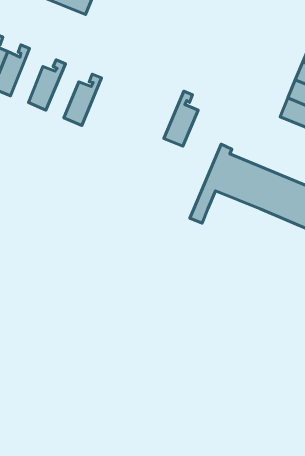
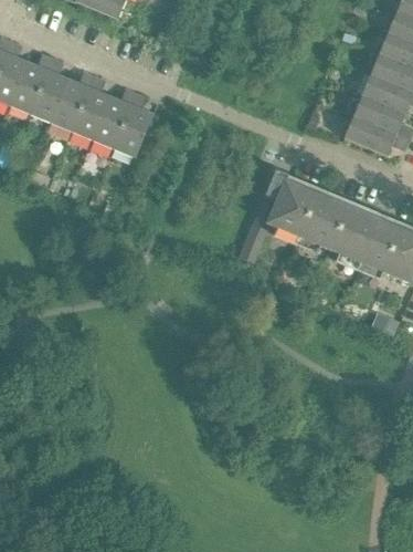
building: none -> [30,58,67,121]
building: none -> [71,75,109,138]
building: [164,91,198,146] -> [113,92,152,156]

